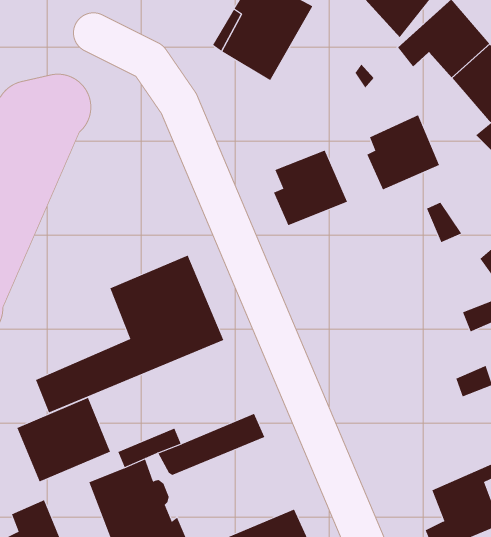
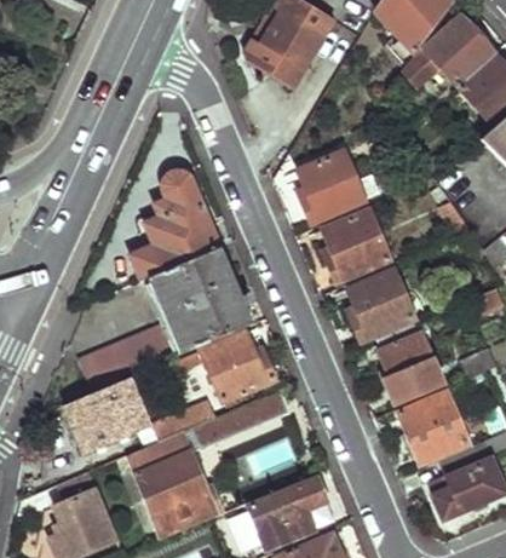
building: [367,114,440,190] -> [321,211,387,280]
building: none -> [131,172,219,280]
building: none -> [345,268,414,340]
building: none -> [376,322,443,404]
building: none -> [173,334,275,402]
building: none -> [399,392,467,464]

